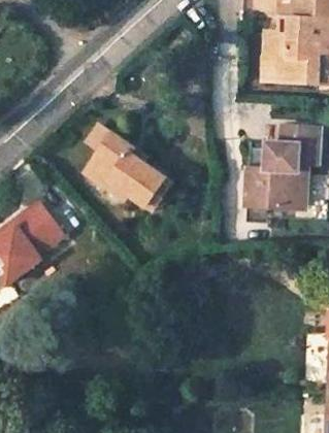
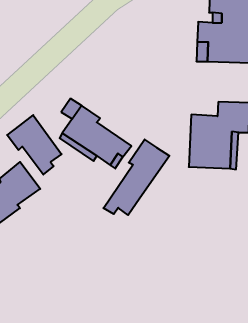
building: none -> [7,115,62,175]
building: none -> [103,139,169,215]

